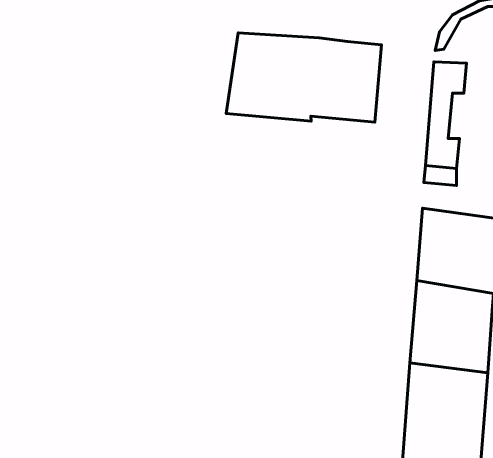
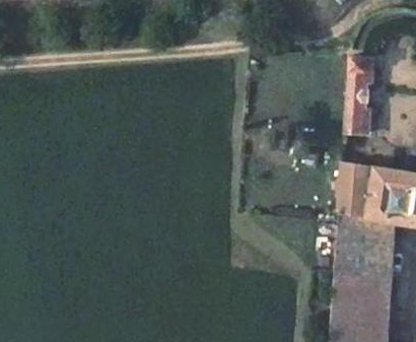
building: [226,33,382,122] -> none

